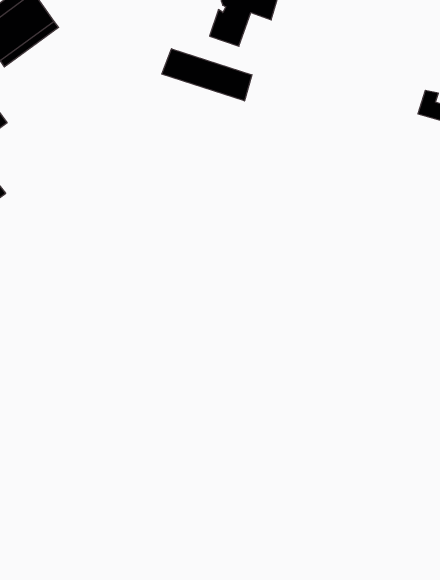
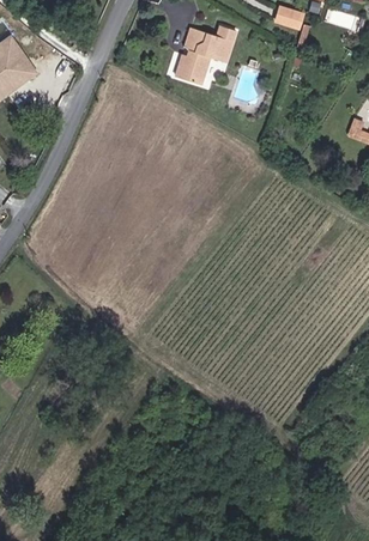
building: [162,49,252,101] -> none

